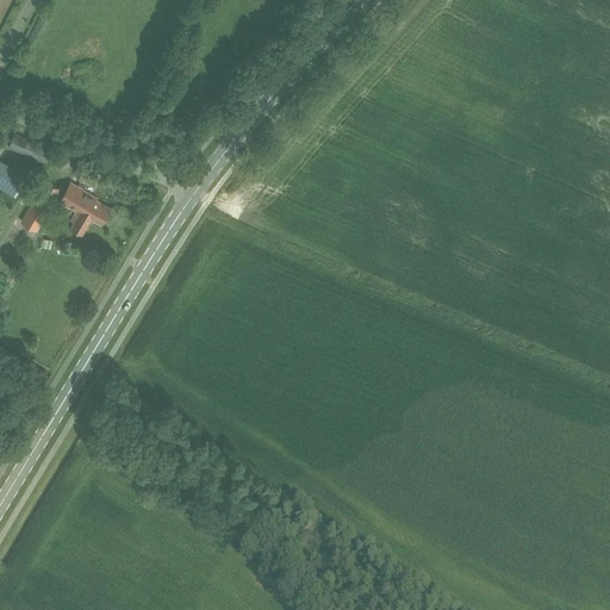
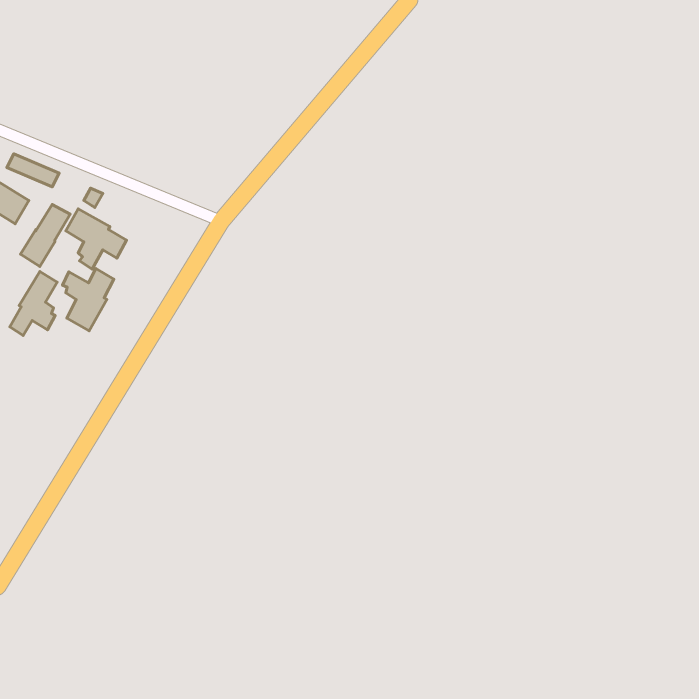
building: none -> [63,269,114,331]
building: none -> [10,272,57,336]

